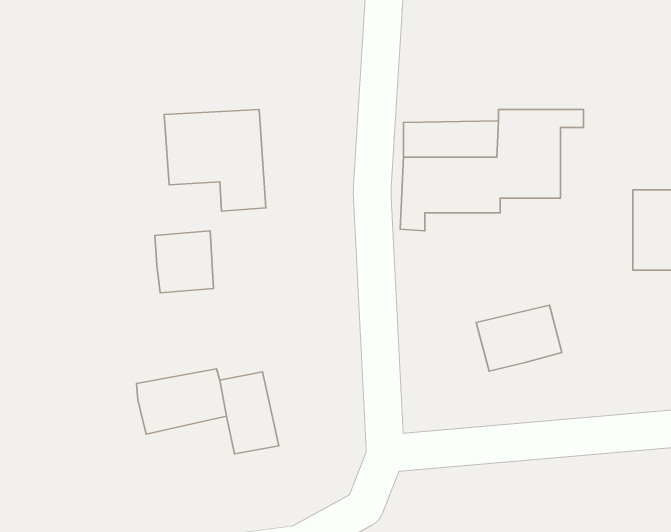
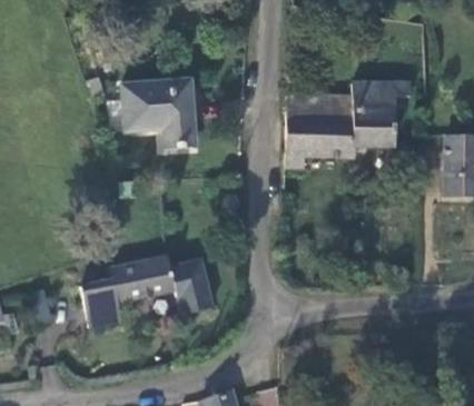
building: [155,231,214,293] -> none
building: [476,305,562,371] -> none
building: none -> [77,281,115,329]

